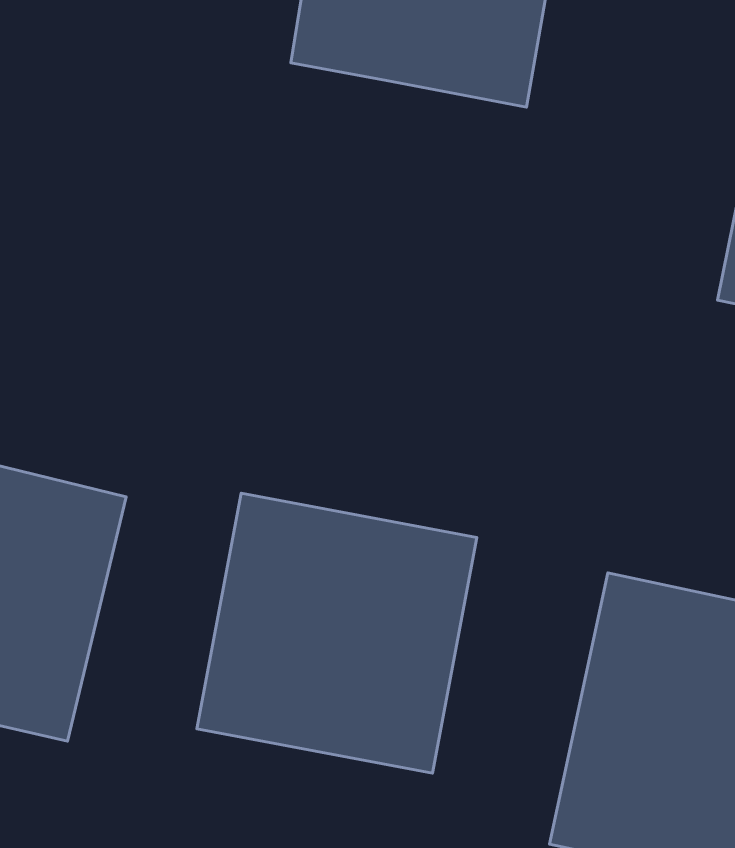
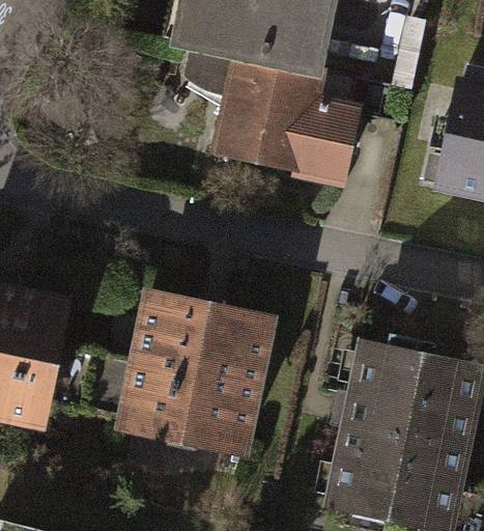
building: none -> [210,55,351,174]

